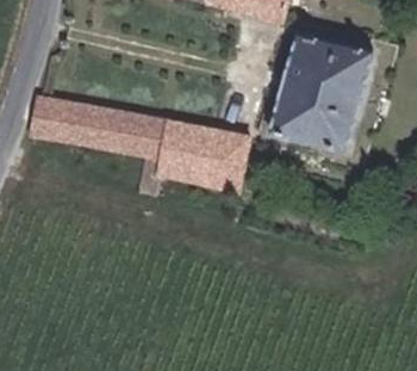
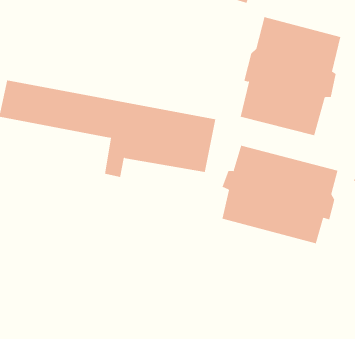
building: none -> [222,145,338,244]

